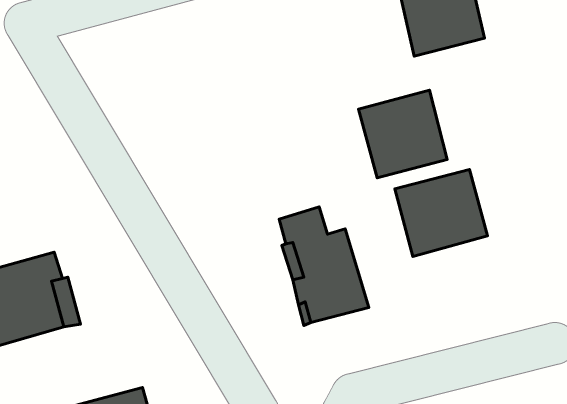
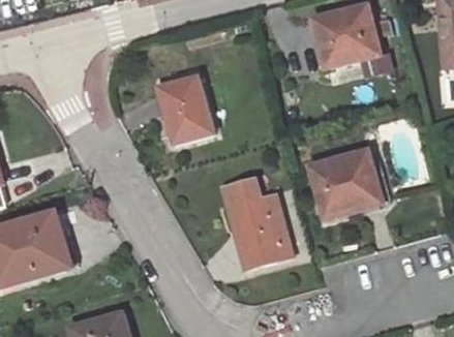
building: none -> [161,75,211,140]
building: [358,90,447,178] -> none

